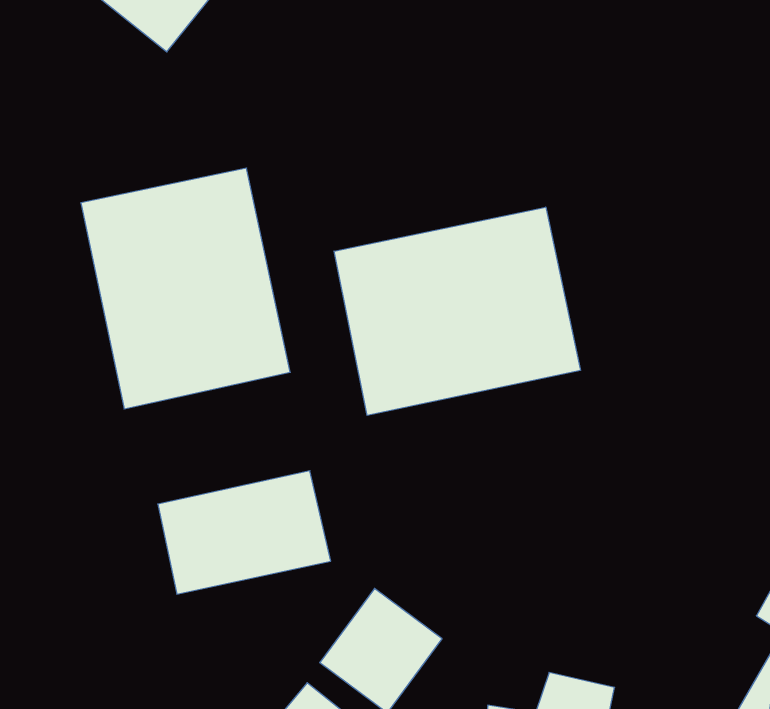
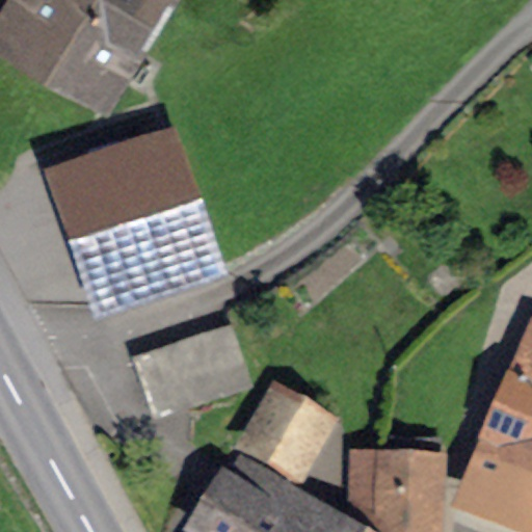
building: [334,207,580,415] -> none

